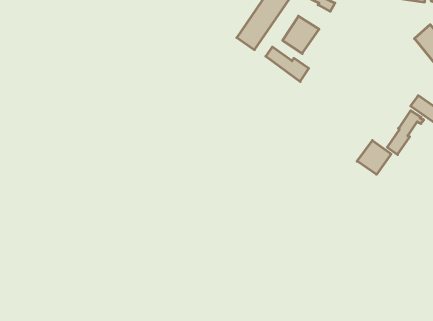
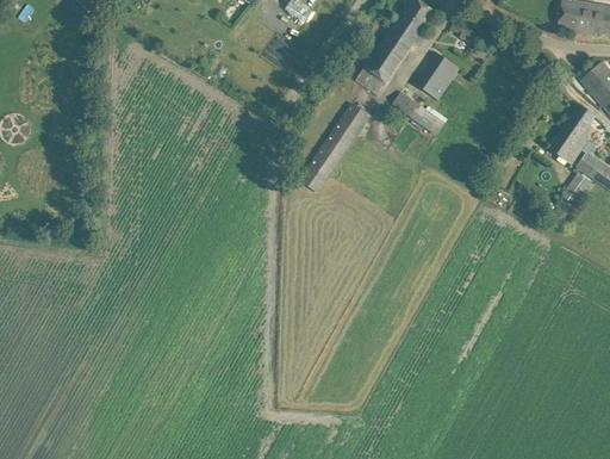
building: none -> [298,100,371,192]
building: none -> [548,103,593,161]
building: [357,140,391,174] -> none

